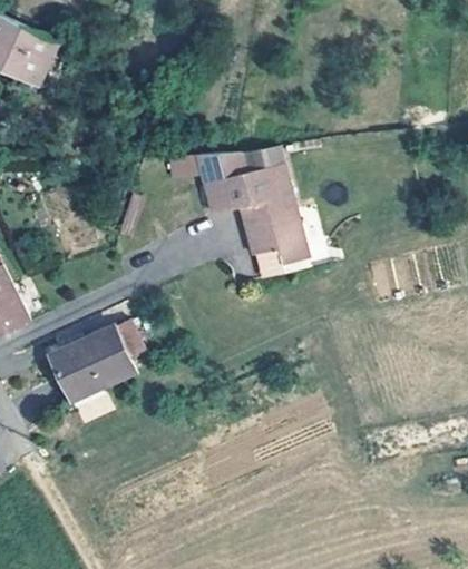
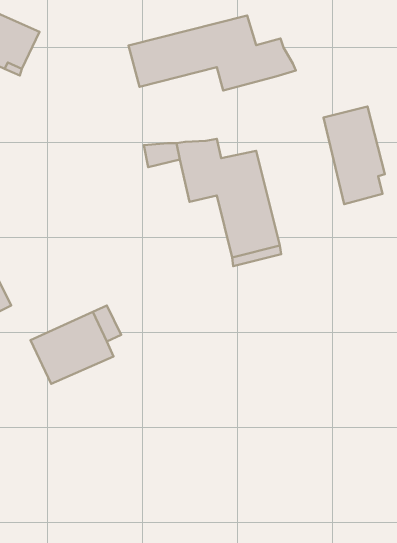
building: none -> [129,15,296,91]
building: none -> [323,106,385,204]

